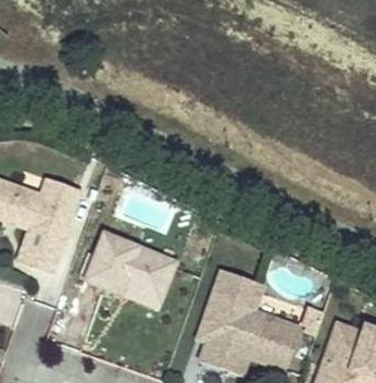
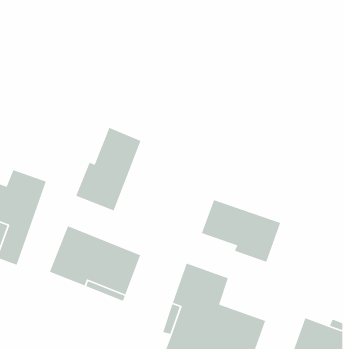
building: none -> [75,127,142,212]
building: none -> [201,199,281,263]

